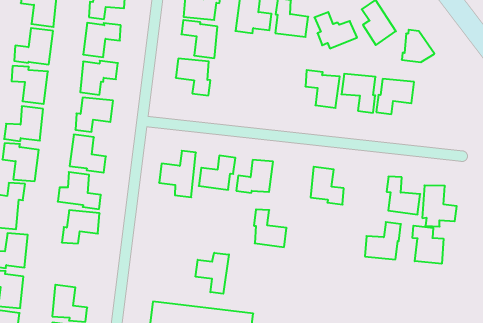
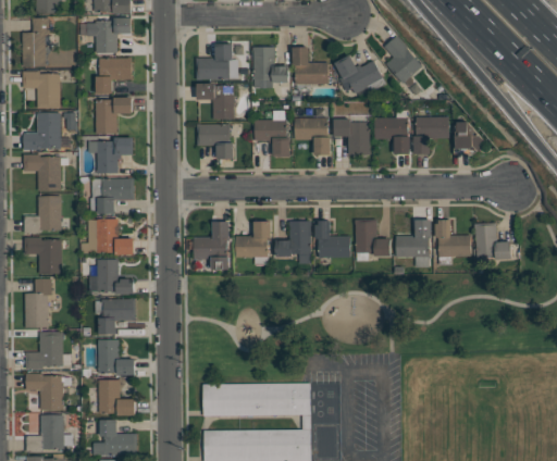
building: [402,30,434,62] -> [454,122,487,154]
building: none -> [255,120,290,158]
building: none -> [295,119,330,155]
building: [254,209,287,247] -> [315,221,350,258]
building: [365,222,401,259] -> [396,220,431,259]
building: [413,226,443,264] -> none
building: none -> [98,340,135,376]
building: [196,253,229,294] -> none

